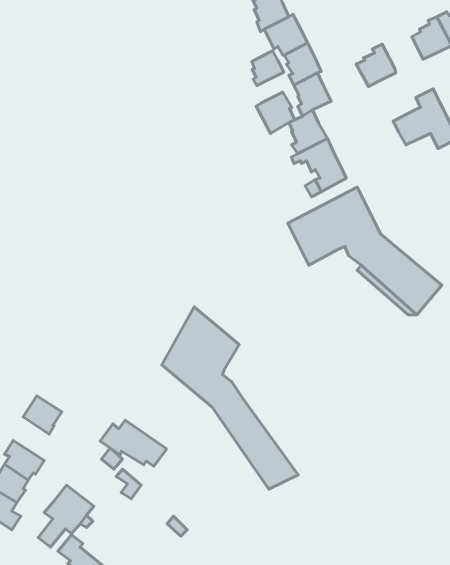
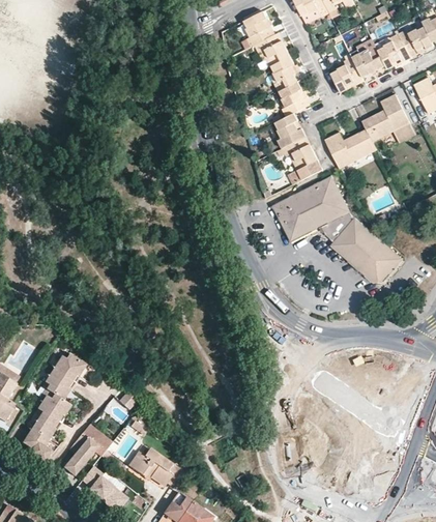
building: none -> [350,46,384,77]
building: [252,51,284,85] -> none
building: [256,92,295,134] -> none
building: none -> [324,129,376,169]
building: [162,307,298,489] -> none
building: none -> [41,368,75,399]
building: [100,420,166,466] -> [128,448,183,487]

